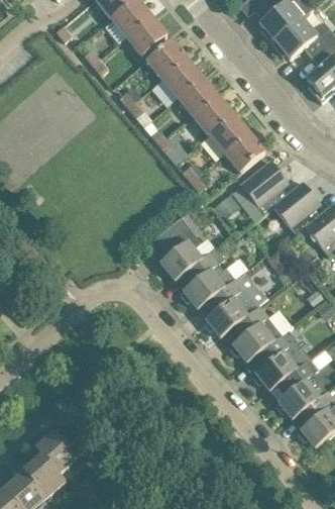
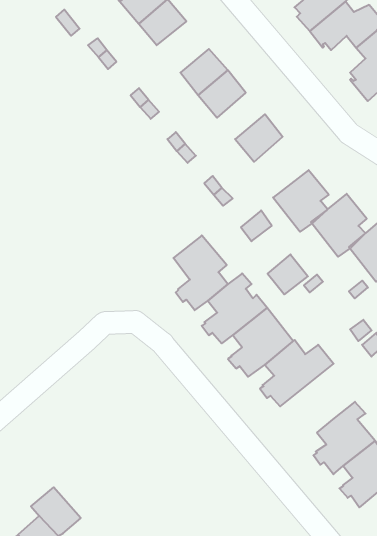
building: [146,38,187,78] -> none
building: [194,95,234,134] -> none
building: [225,132,265,172] -> none
building: none -> [268,254,308,294]
building: [253,334,311,390] -> none

